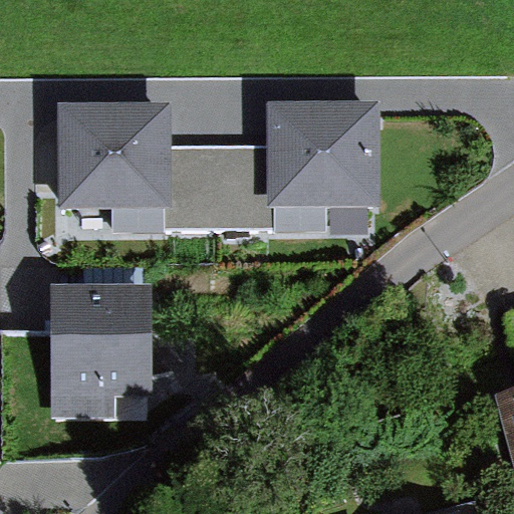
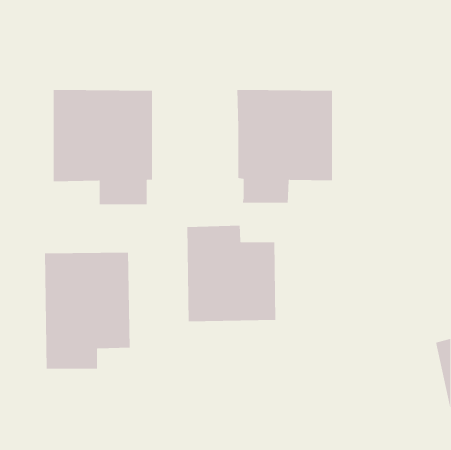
building: [168,145,276,225] -> none
building: none -> [187,225,276,322]

